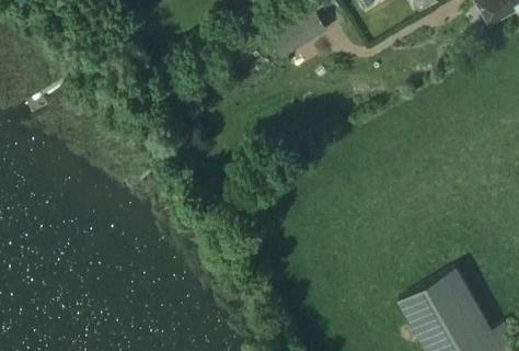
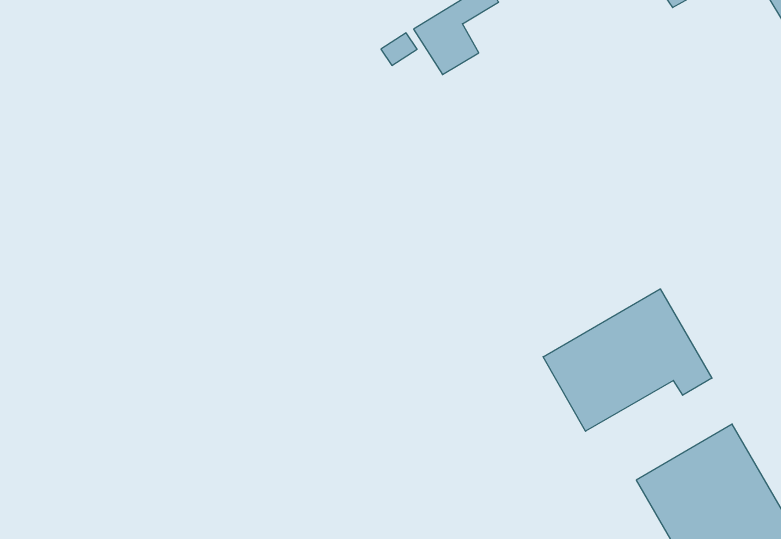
building: none -> [543,289,712,431]

